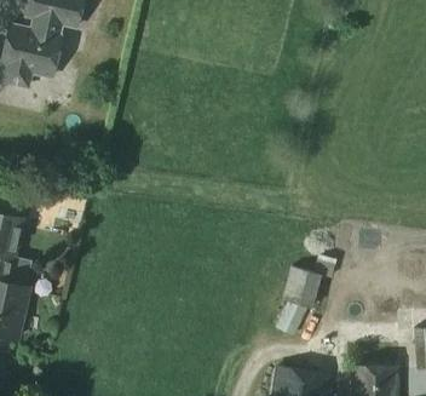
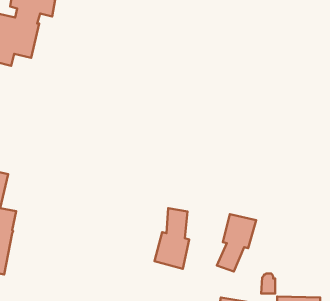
building: none -> [155,208,189,269]

